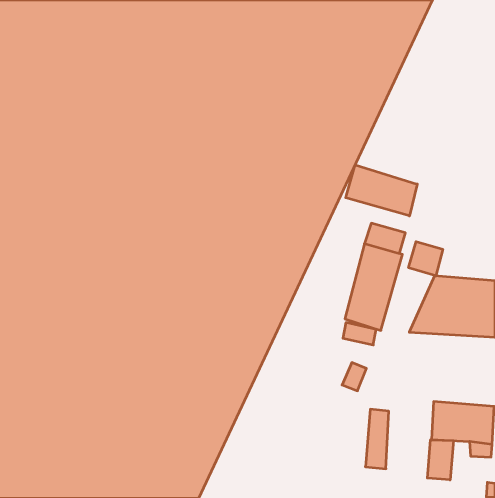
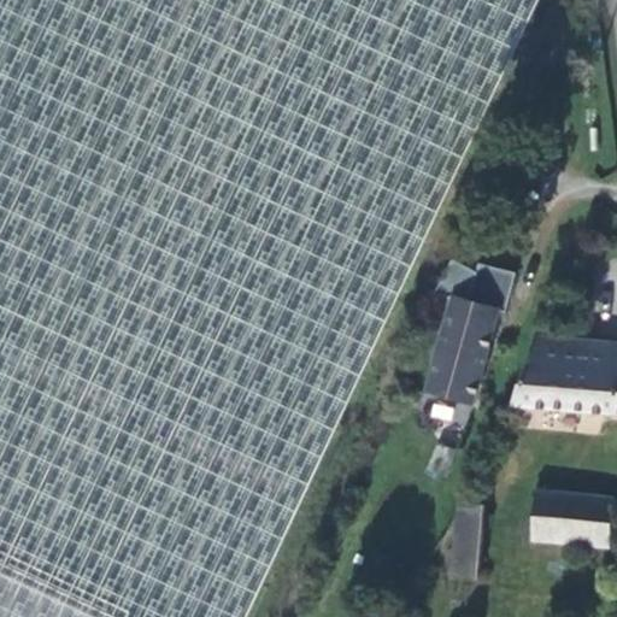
building: [346,165,417,216] -> none
building: [409,242,443,276] -> none
building: [427,440,453,480] -> none

